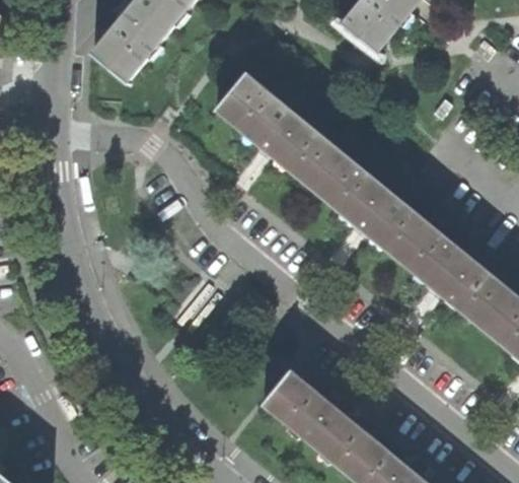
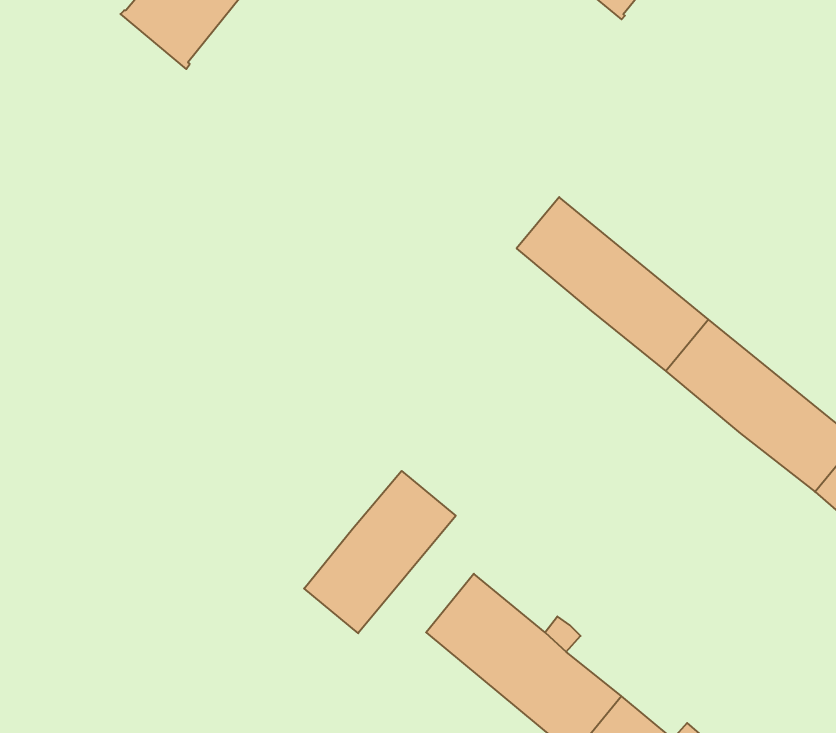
building: [216,73,341,186] -> none
building: none -> [304,471,456,633]

